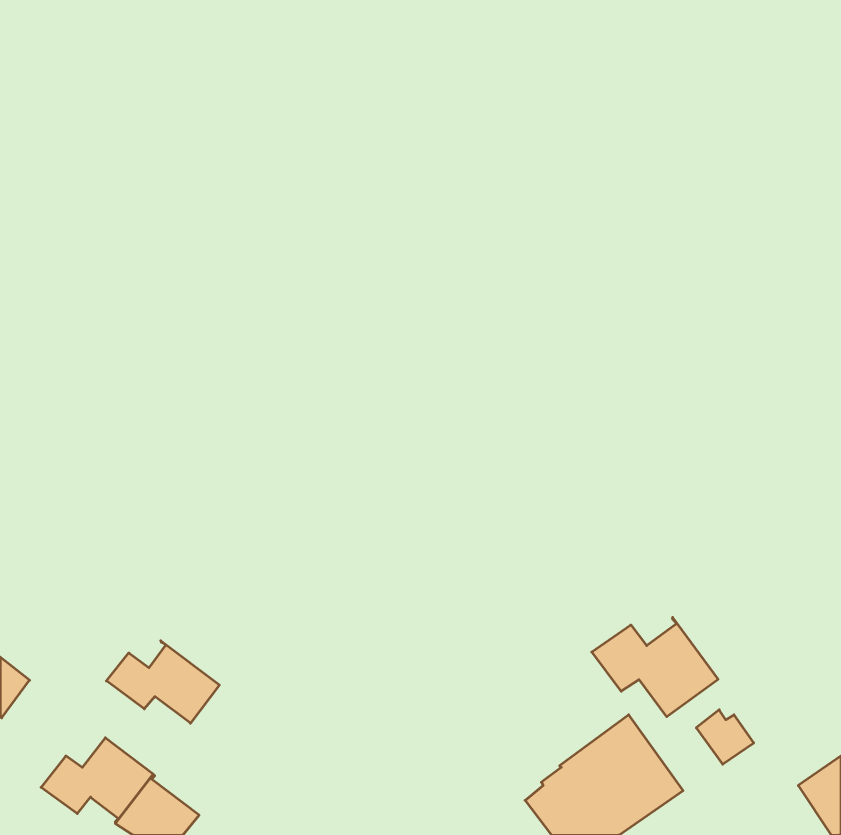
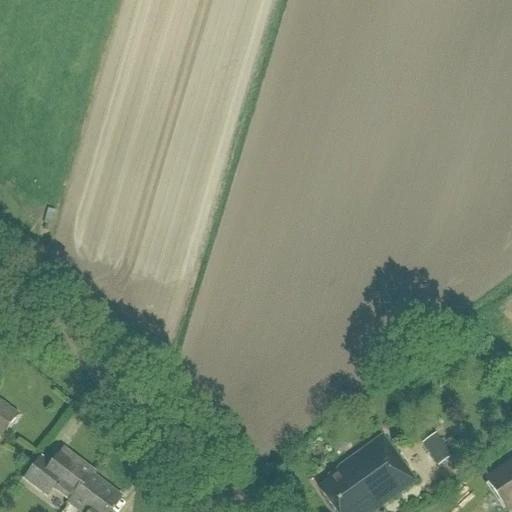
building: [592,617,718,717] -> none
building: [106,641,219,723] -> none

